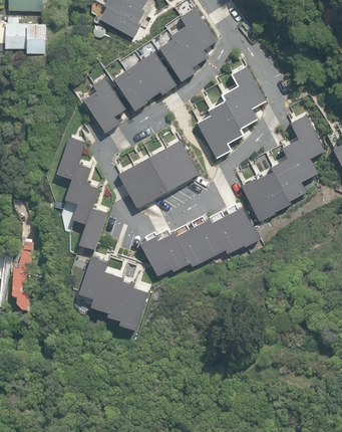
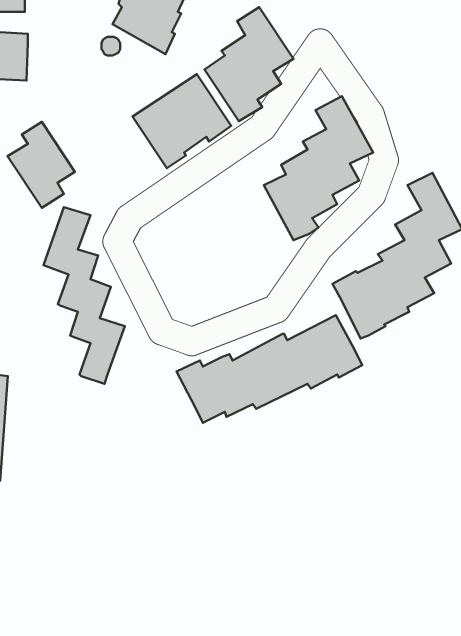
building: [82,77,125,133] -> [8,122,75,208]
building: [116,140,199,208] -> none
building: [78,256,147,330] -> none

